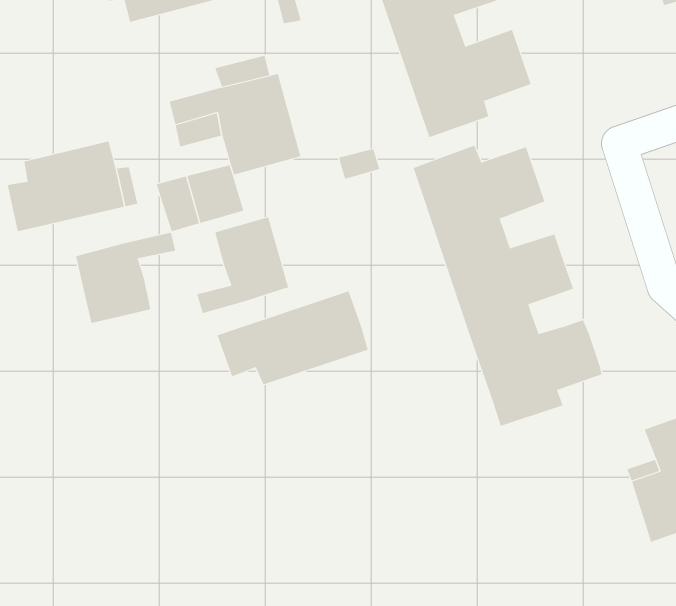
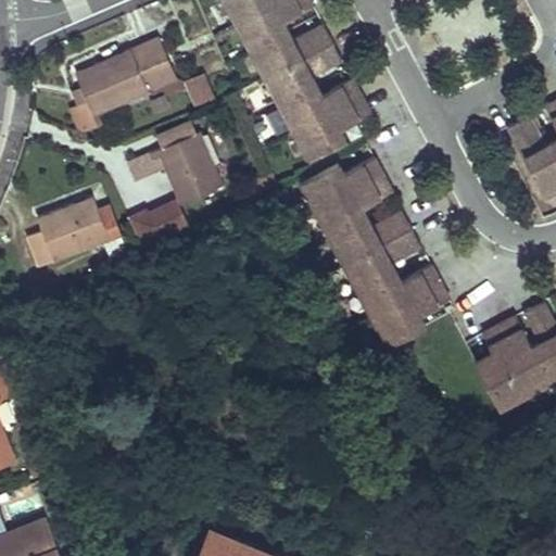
building: [197,217,289,314] -> none
building: [75,232,176,324] -> none
building: [217,290,369,385] -> none

